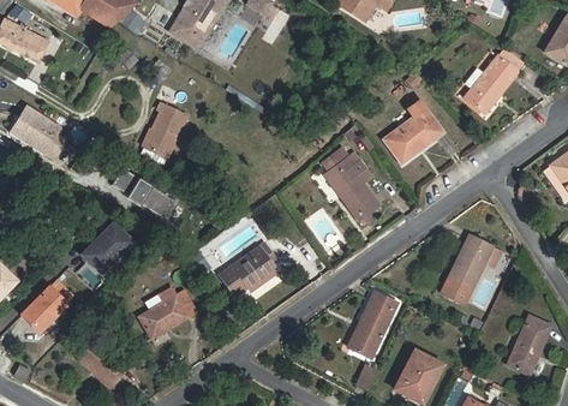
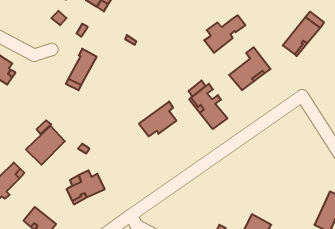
building: none -> [204,15,245,53]
building: [113,167,180,217] -> none
building: [440,235,492,305] -> none
building: [220,243,275,294] -> [139,101,176,136]
building: [349,291,397,358] -> none

